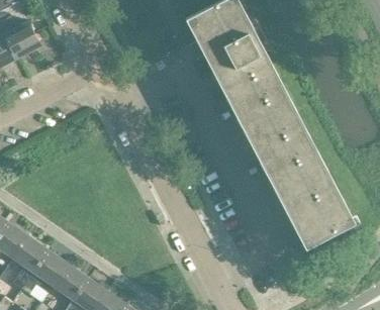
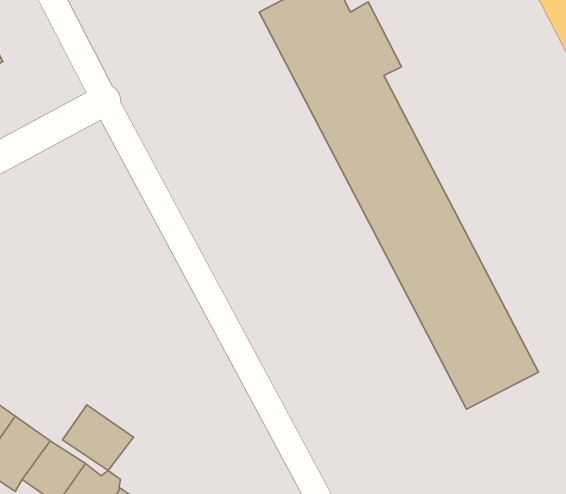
building: none -> [62,405,133,471]

